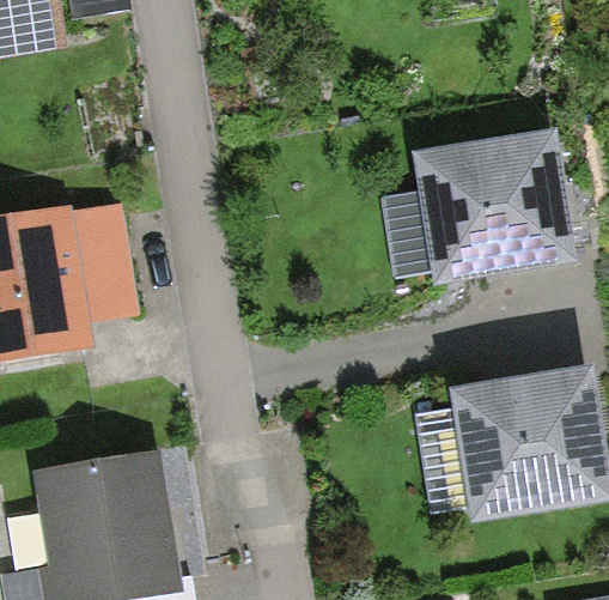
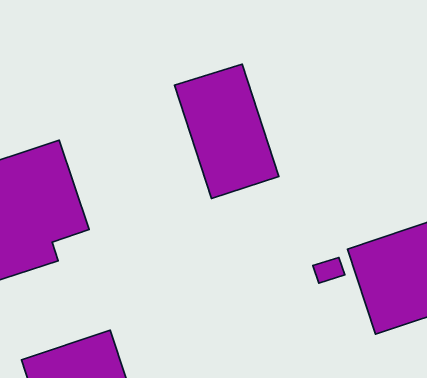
building: [416,138,555,267] -> none
building: none -> [175,64,279,199]

